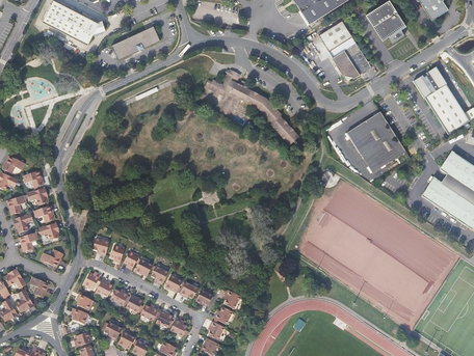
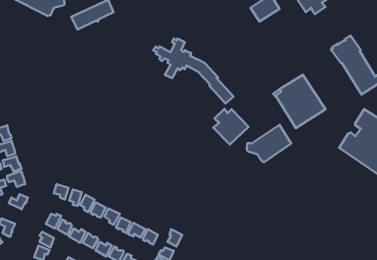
building: [332,43,372,80] -> none
building: none -> [213,109,249,144]
building: none -> [247,125,291,162]

